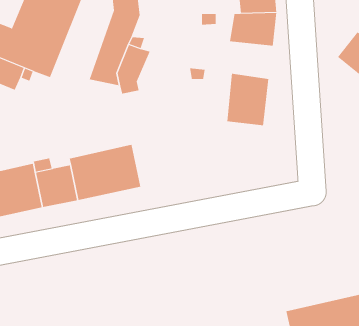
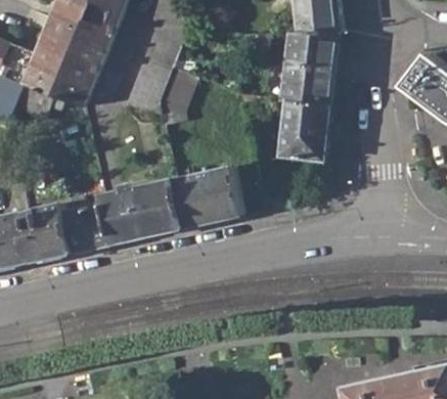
building: none -> [278,65,332,107]
building: none -> [173,168,241,229]

